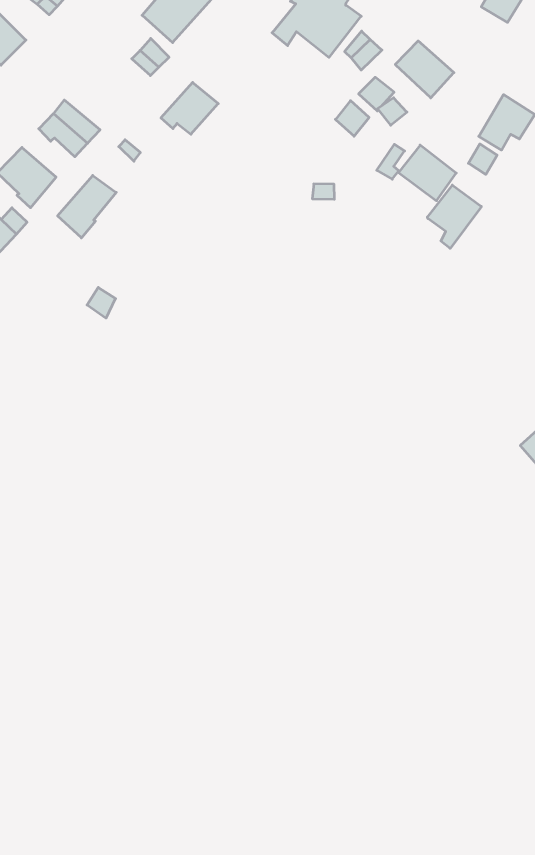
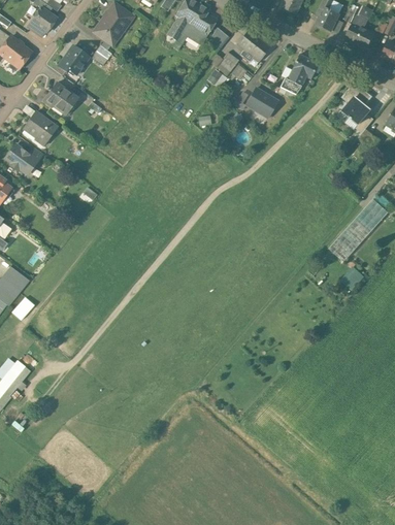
building: [161,82,218,134] -> [58,45,89,74]
building: [58,175,116,238] -> none
building: [427,185,481,248] -> none

